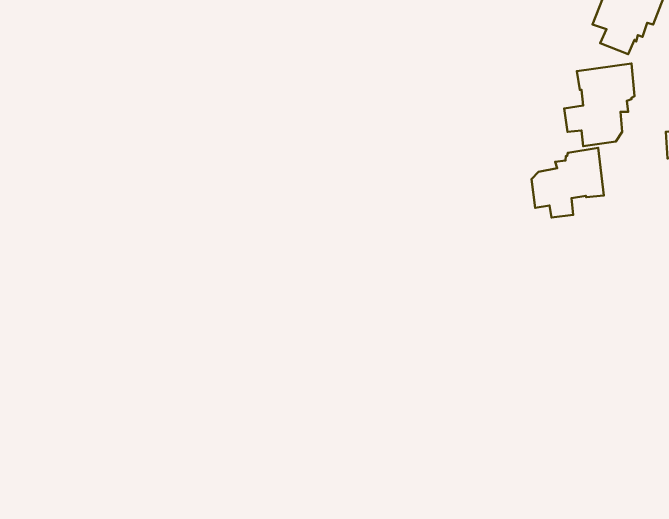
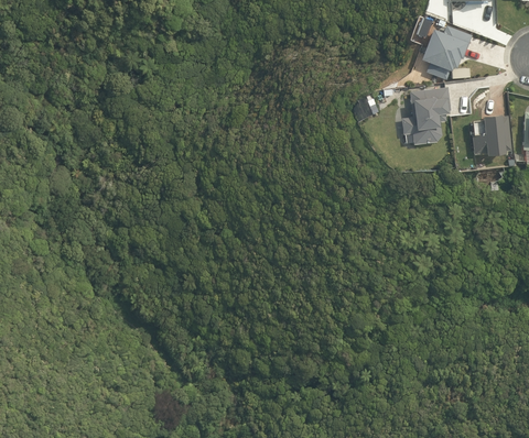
building: [532,148,604,218] -> none

